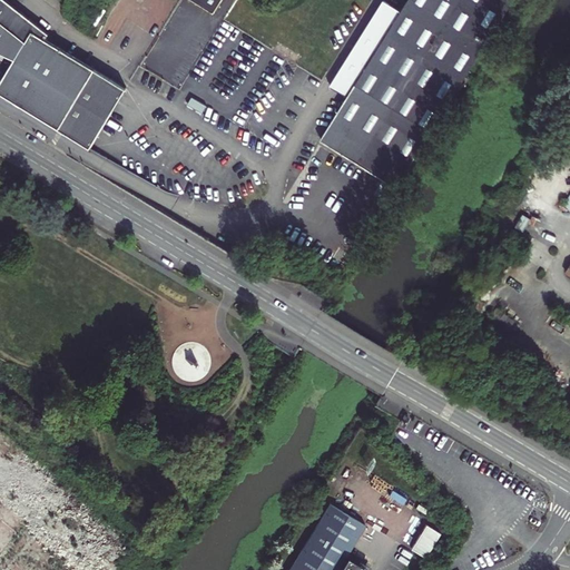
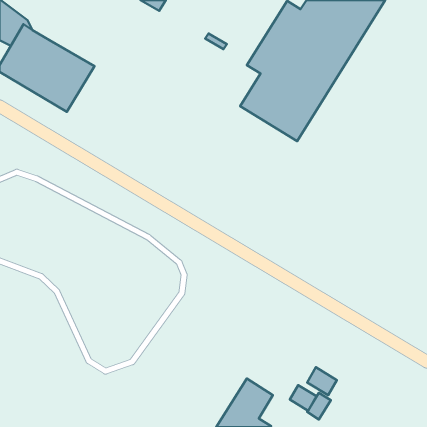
building: none -> [307,367,337,395]
building: none -> [290,385,317,411]

